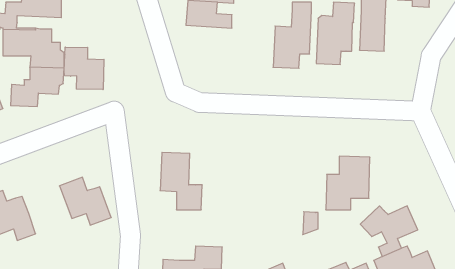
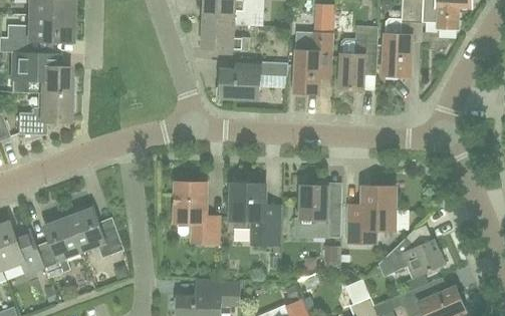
building: none -> [220,60,287,98]
building: [64,47,104,90] -> none
building: none -> [231,183,279,244]
building: none -> [299,185,341,237]
building: none -> [37,217,82,278]

